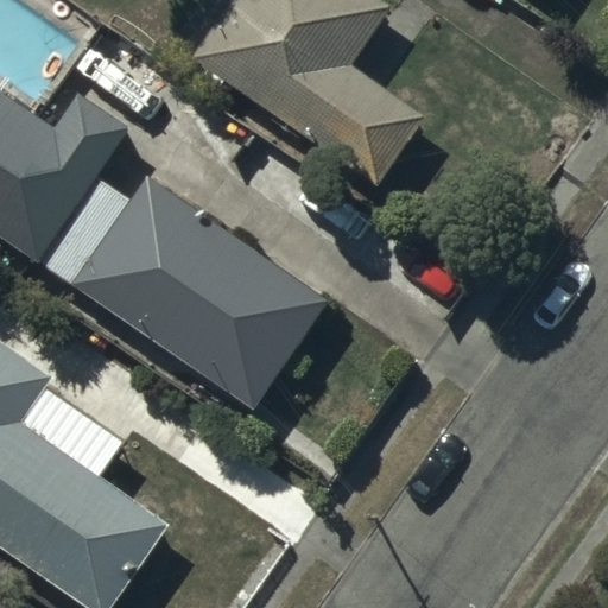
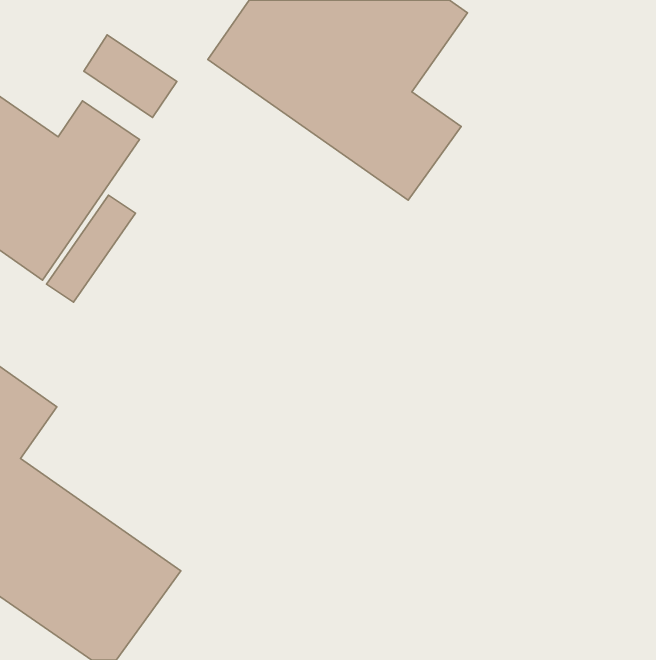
building: [72,176,327,407] -> none

